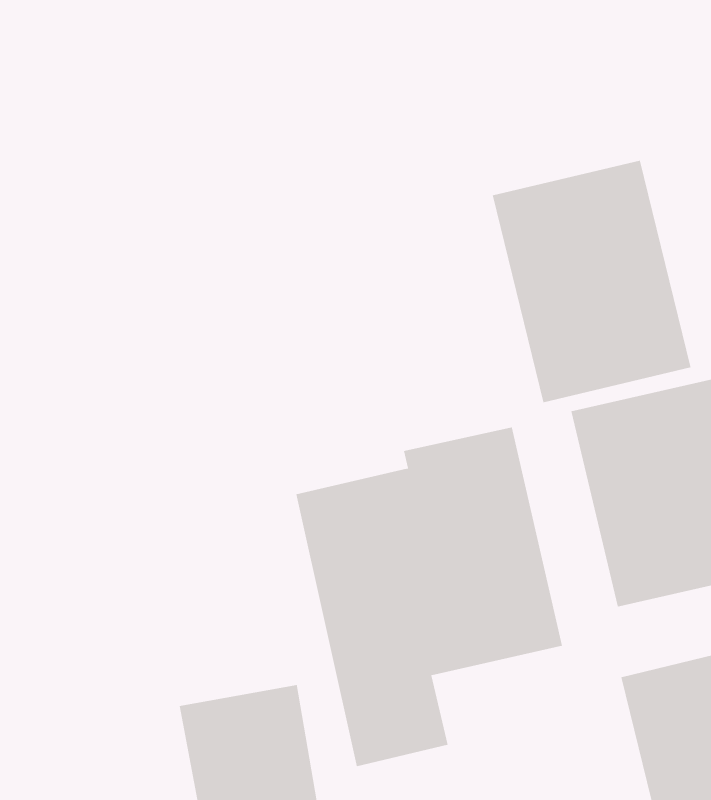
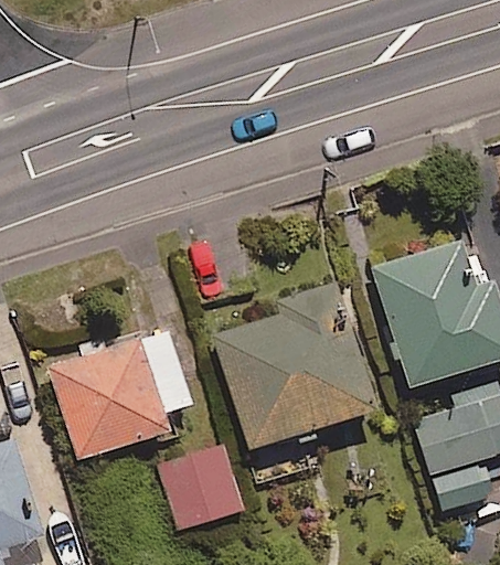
building: [492,160,691,403] -> none
building: none -> [50,330,189,459]

